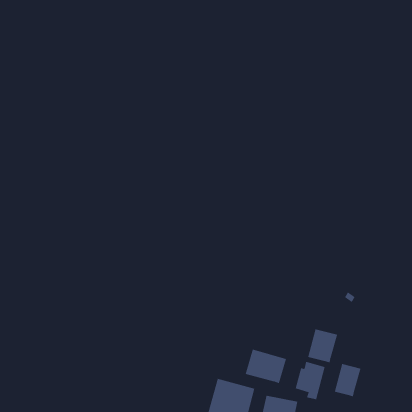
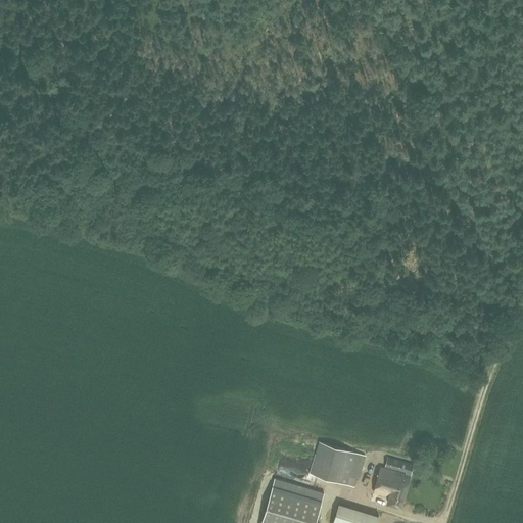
building: [308,328,338,363] -> none
building: [334,363,361,397] -> none

